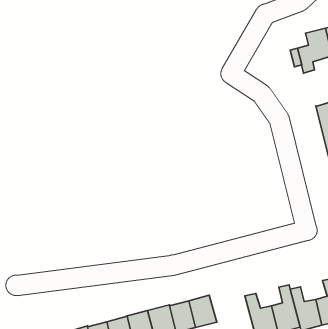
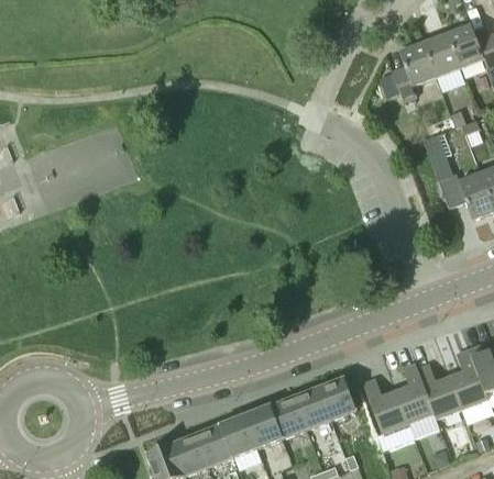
building: none -> [318,378,356,420]

